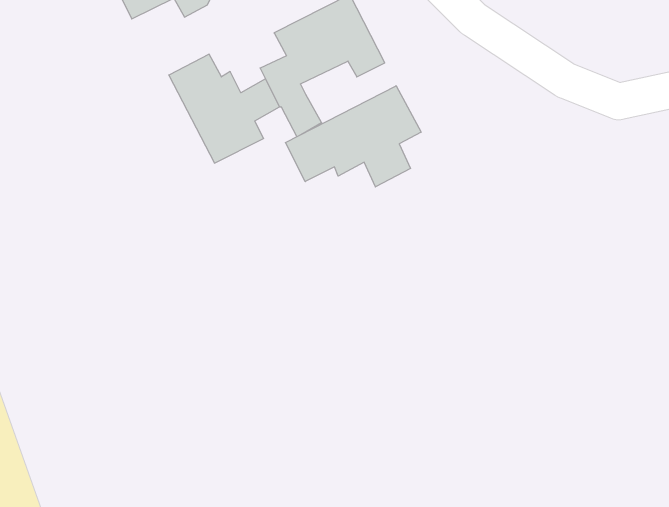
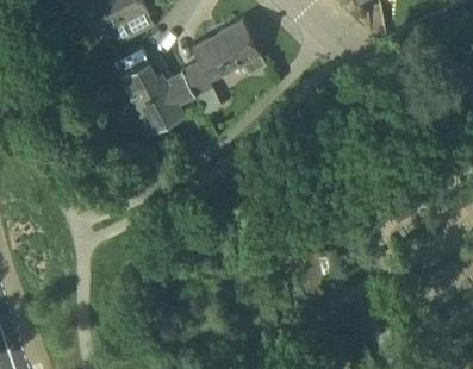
building: [285,86,421,187] -> none

